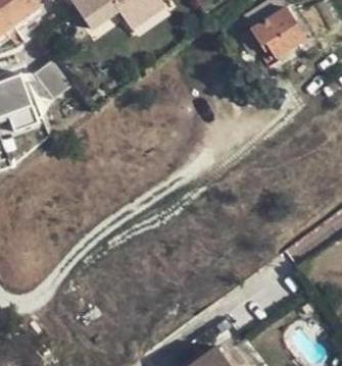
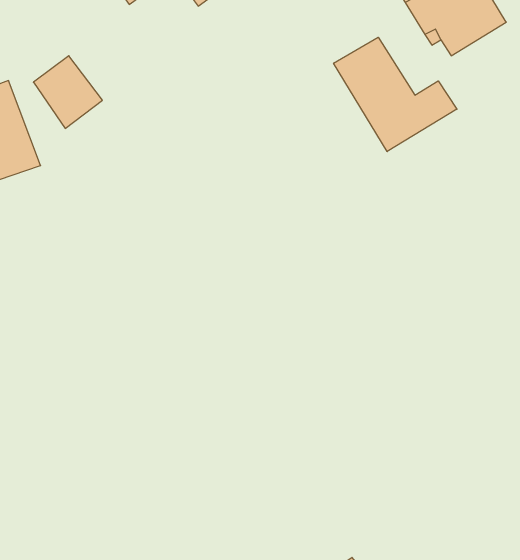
building: none -> [334,37,457,152]

